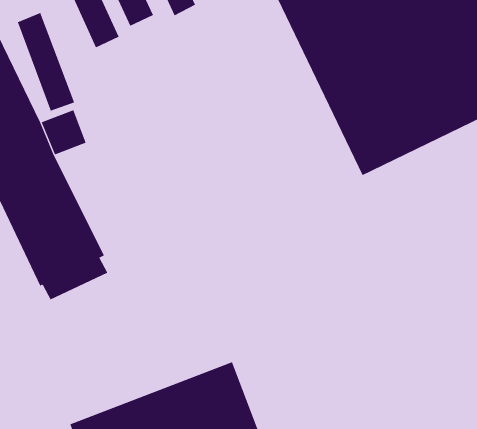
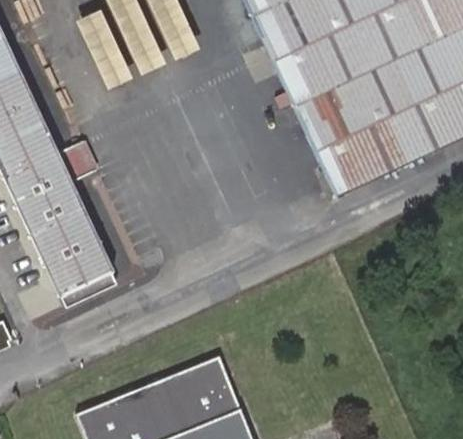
building: [17,12,75,111] -> none

